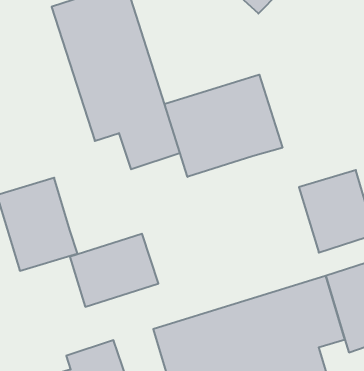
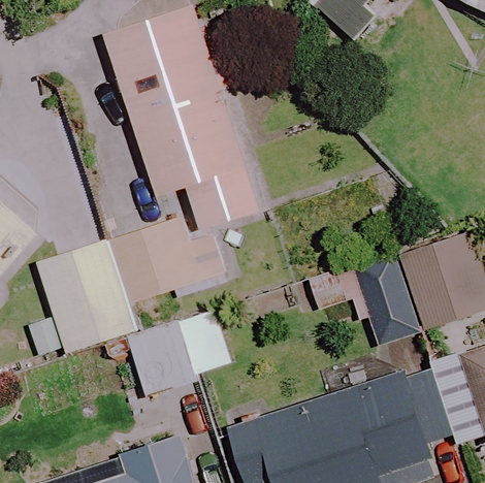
building: [164,75,282,177] -> none
building: none -> [107,218,223,304]
building: none -> [306,253,424,346]

